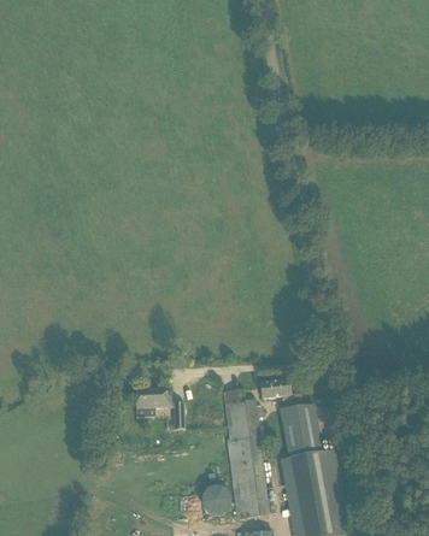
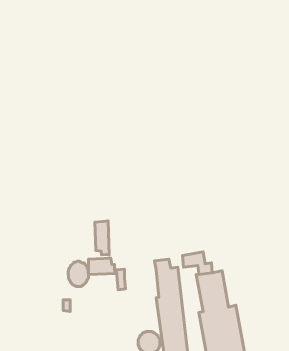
building: none -> [95,221,109,255]
building: none -> [68,261,89,287]

